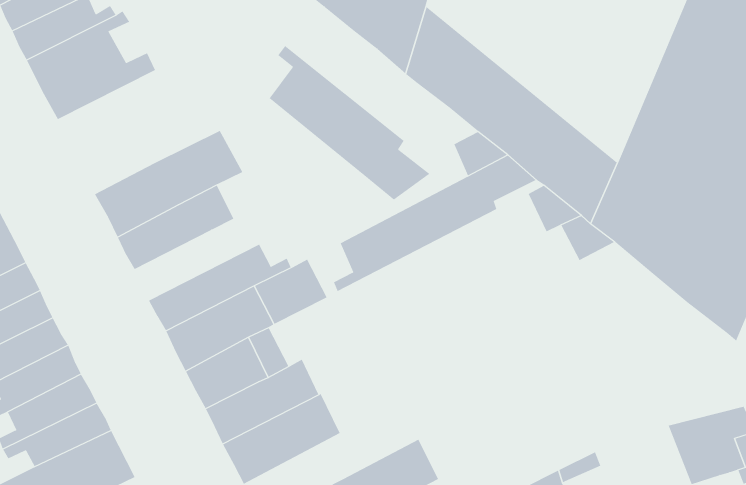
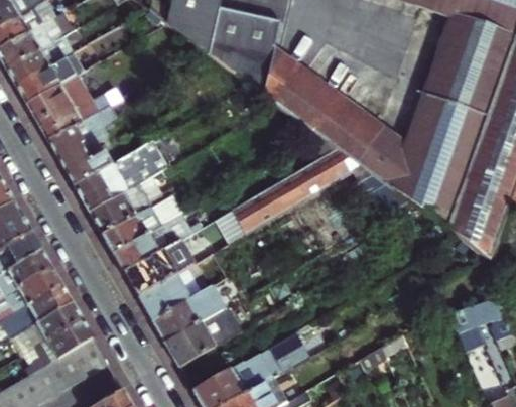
building: [269,45,430,200] -> none
building: none -> [48,104,118,185]
building: none -> [103,192,182,252]

